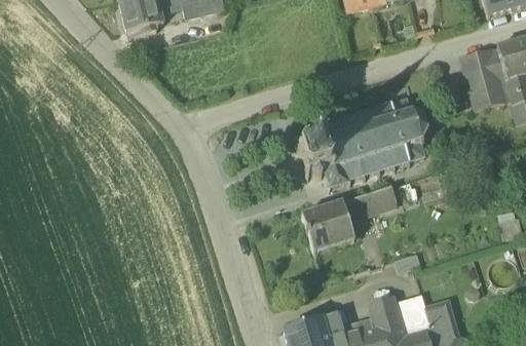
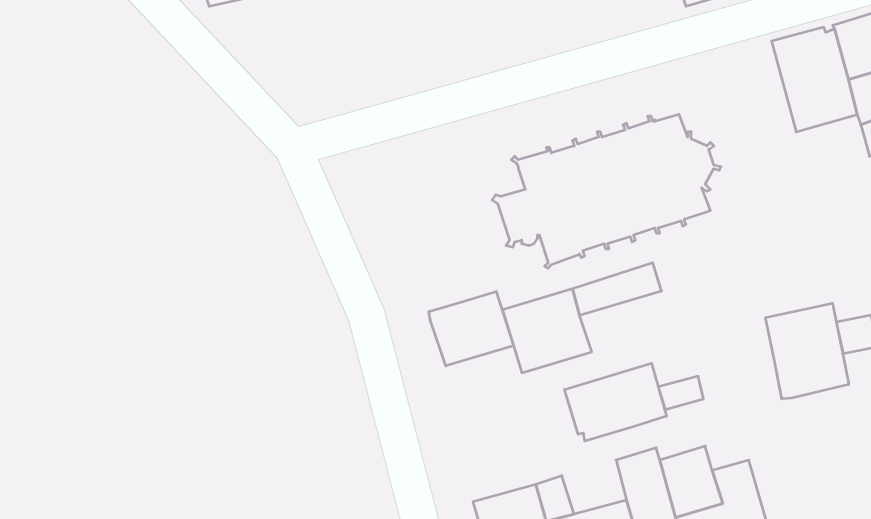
building: none -> [429,291,514,366]
building: none -> [766,303,849,399]
building: none -> [565,363,666,441]

